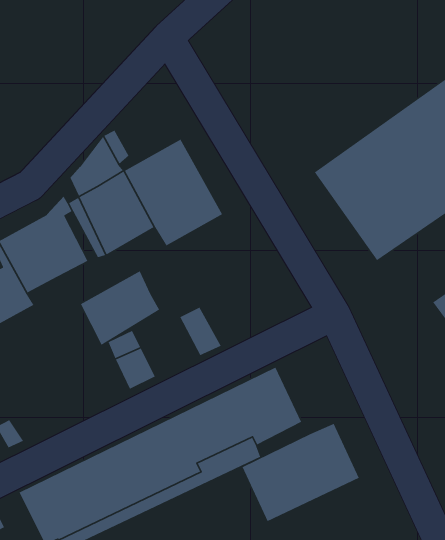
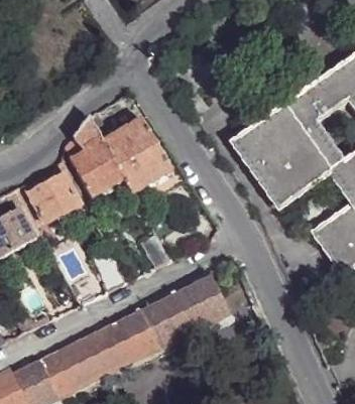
building: [80,270,160,346] -> none
building: [241,423,360,522] -> none

